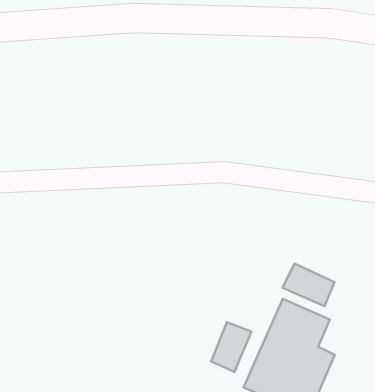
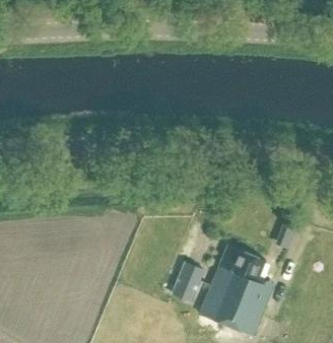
building: [282,264,335,306] -> none

